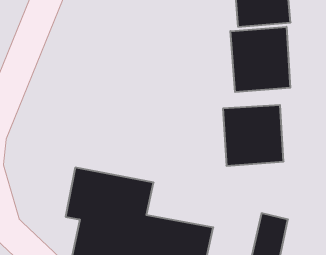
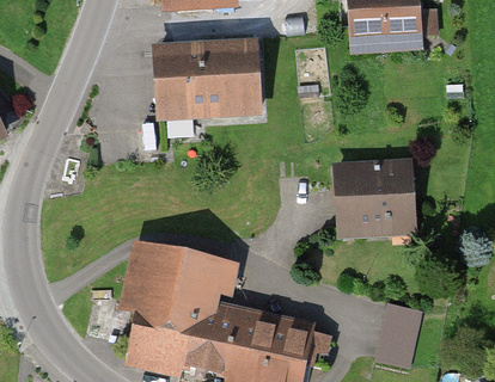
building: none -> [153,32,262,115]
building: [230,27,290,92] -> none

